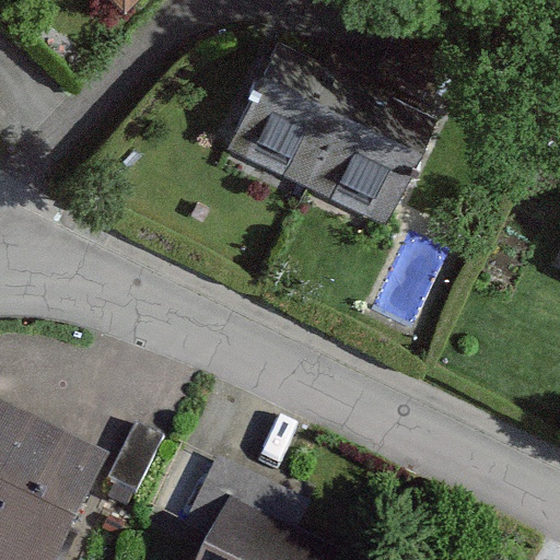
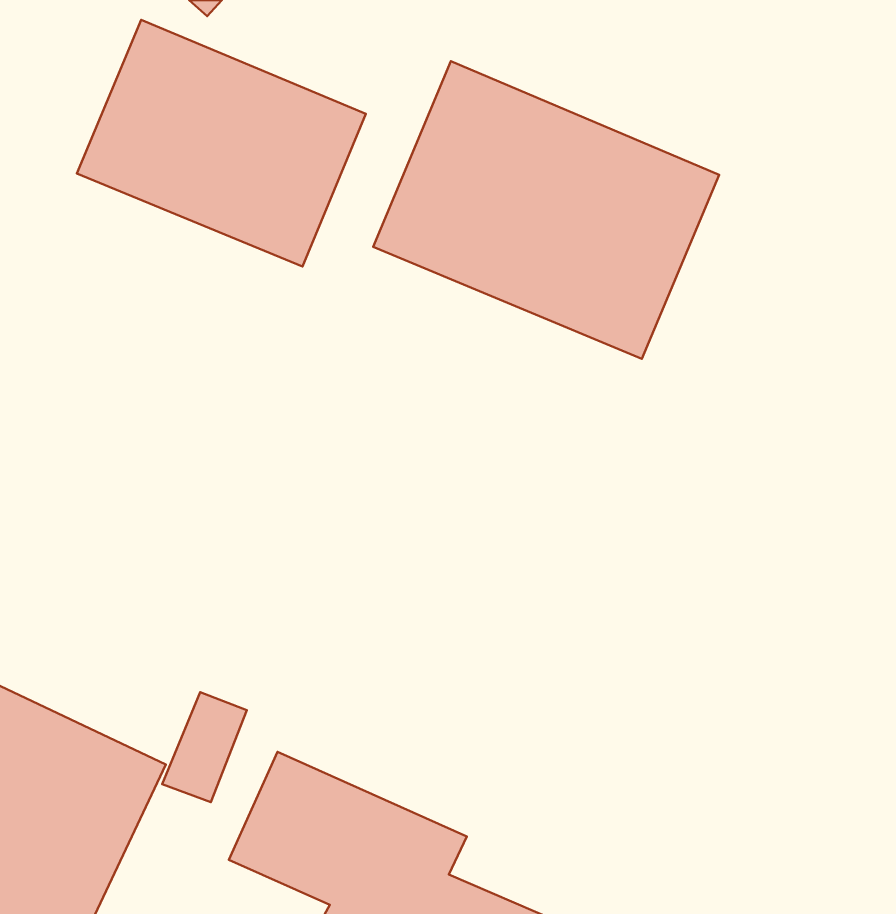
building: none -> [77,20,366,266]

